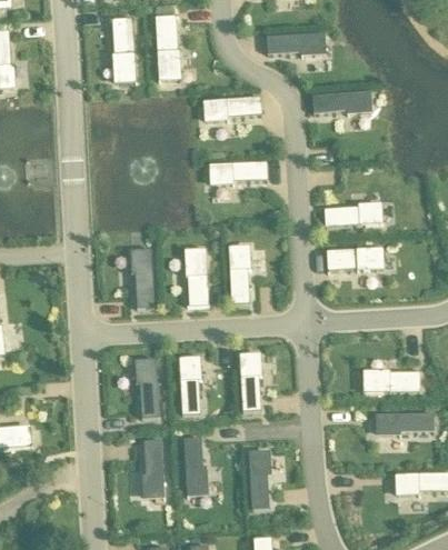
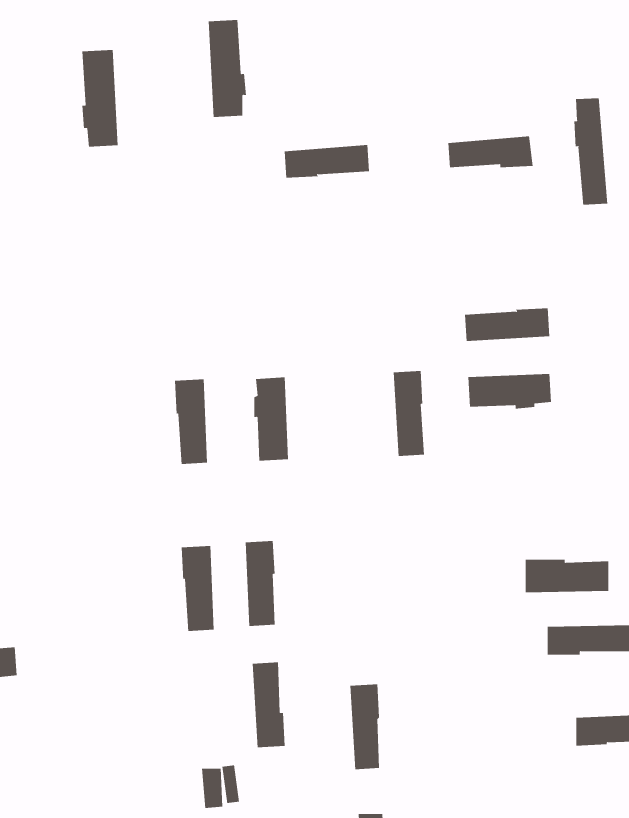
building: [111,16,136,80] -> [82,49,119,147]
building: [267,32,322,53] -> none
building: none -> [574,97,608,206]
building: [211,161,267,181] -> none
building: [228,246,249,302] -> [393,370,425,456]
building: [240,354,260,410] -> none
building: [143,439,163,496] -> none

